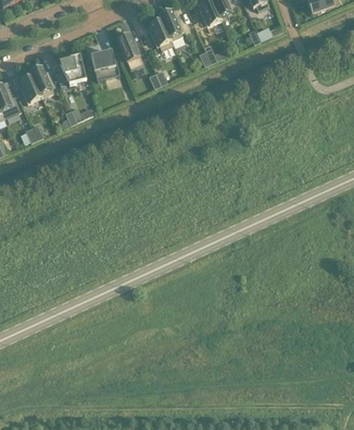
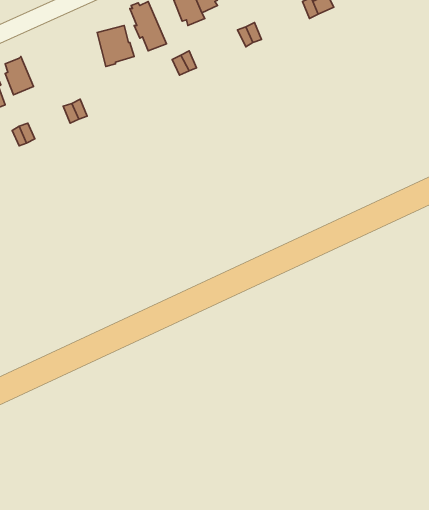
building: [54,53,86,83] -> none
building: [28,64,54,96] -> none

